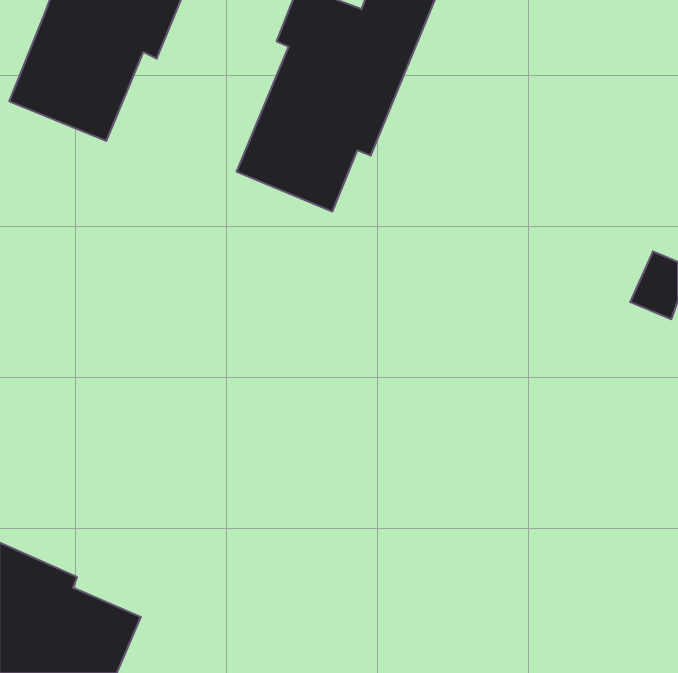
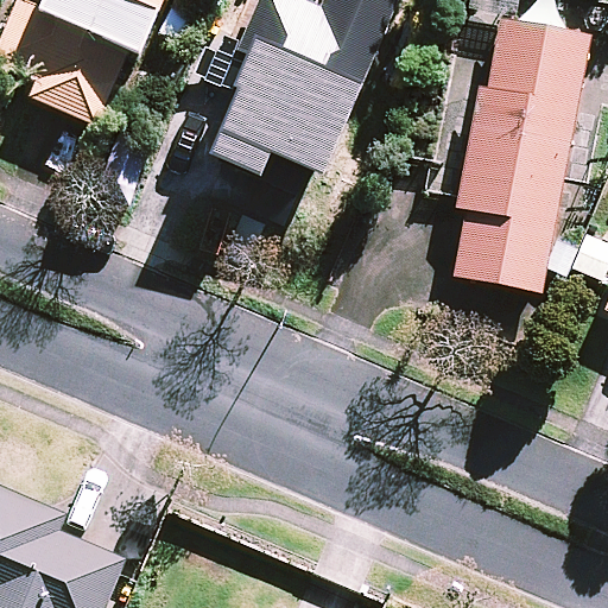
building: none -> [454,15,591,311]

